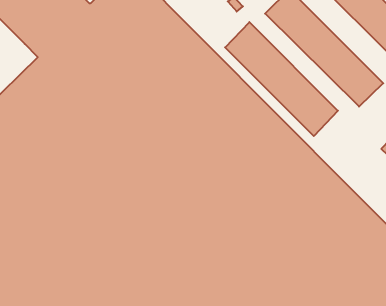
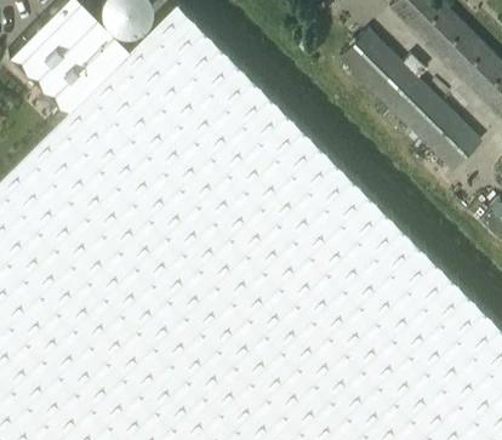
building: [225,22,338,136] -> none

